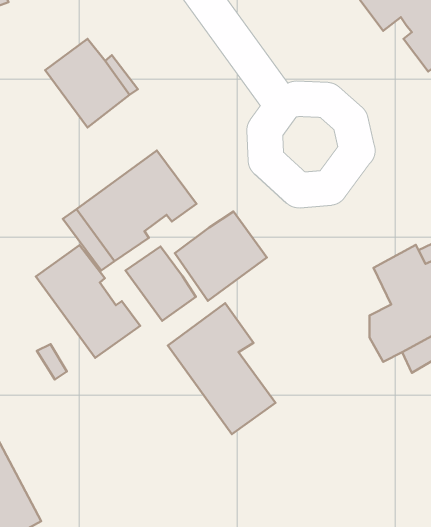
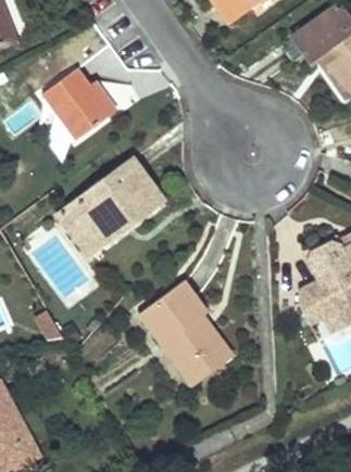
building: [175,212,267,301] -> none
building: [36,245,140,358] -> none
building: [126,247,196,321] -> none

